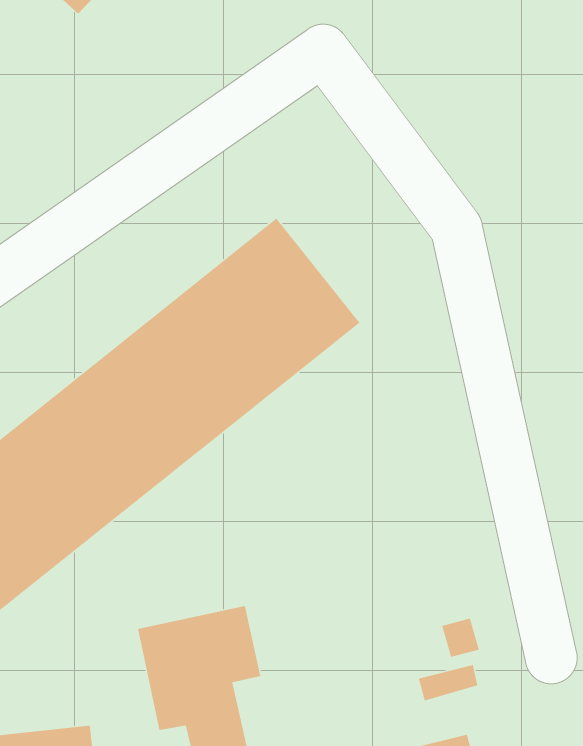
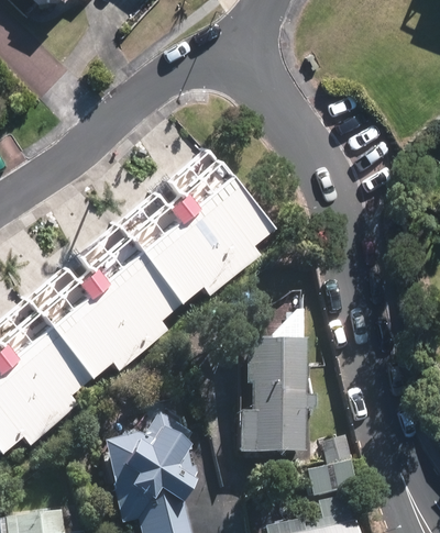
building: none -> [258,342,309,452]

